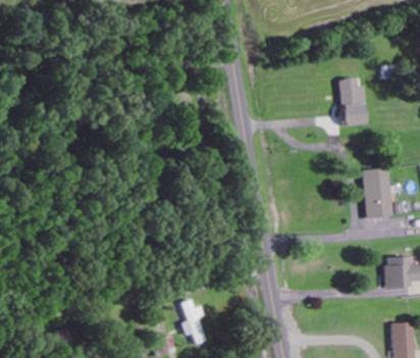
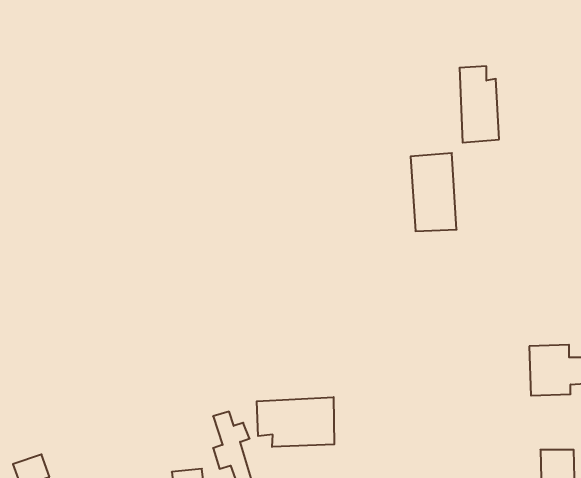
building: [362,168,391,218] -> [411,153,457,231]
building: none -> [257,397,334,447]

